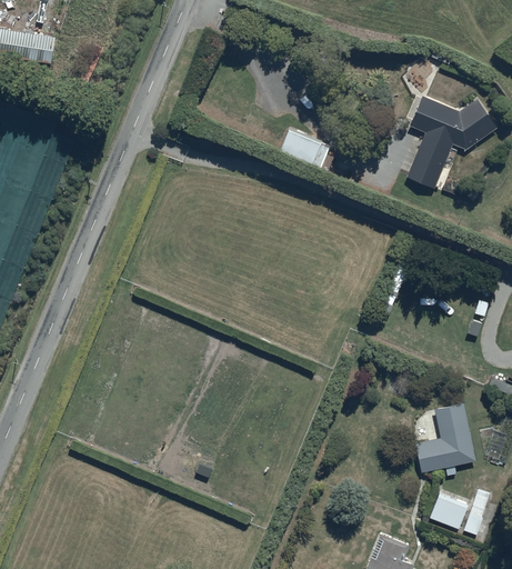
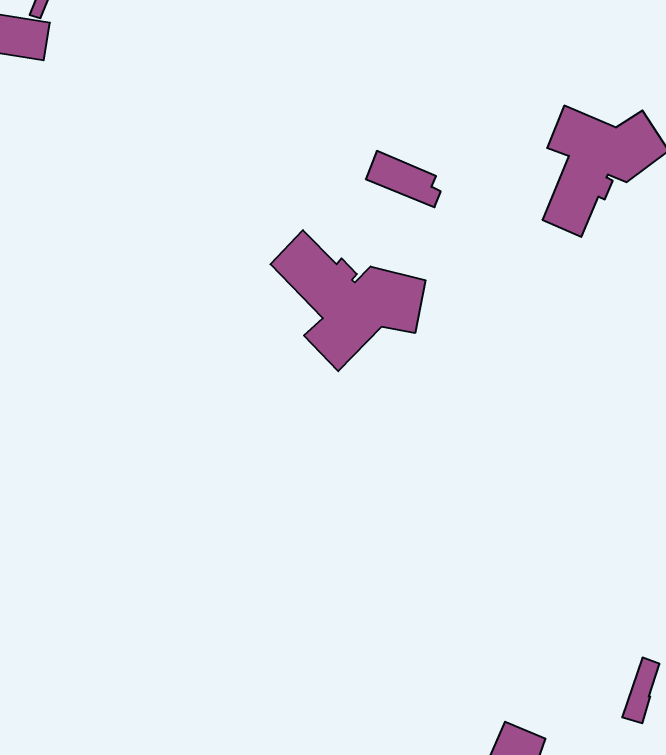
building: none -> [270,230,426,371]
building: [415,403,475,475] -> none
building: [430,495,469,530] -> none

